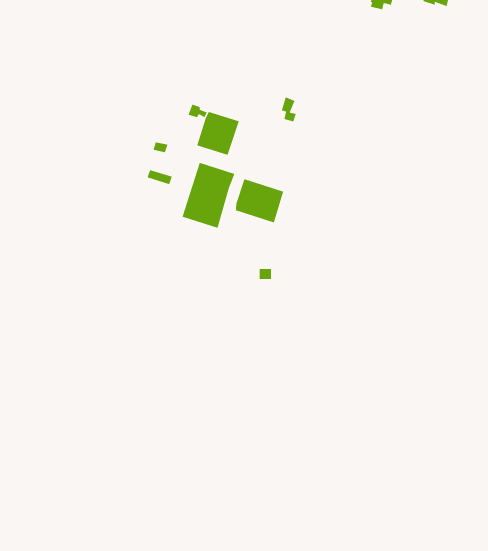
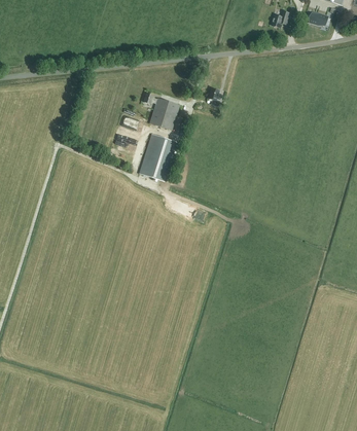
building: [234,178,284,223] -> none

